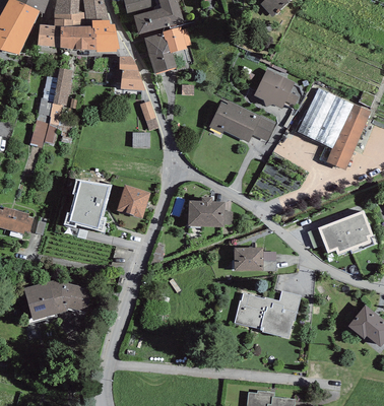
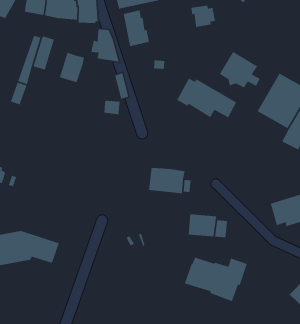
building: [163,26,191,53] -> [191,5,216,28]
building: none -> [59,52,85,83]
building: [63,179,112,231] -> none
building: [116,184,150,217] -> none

